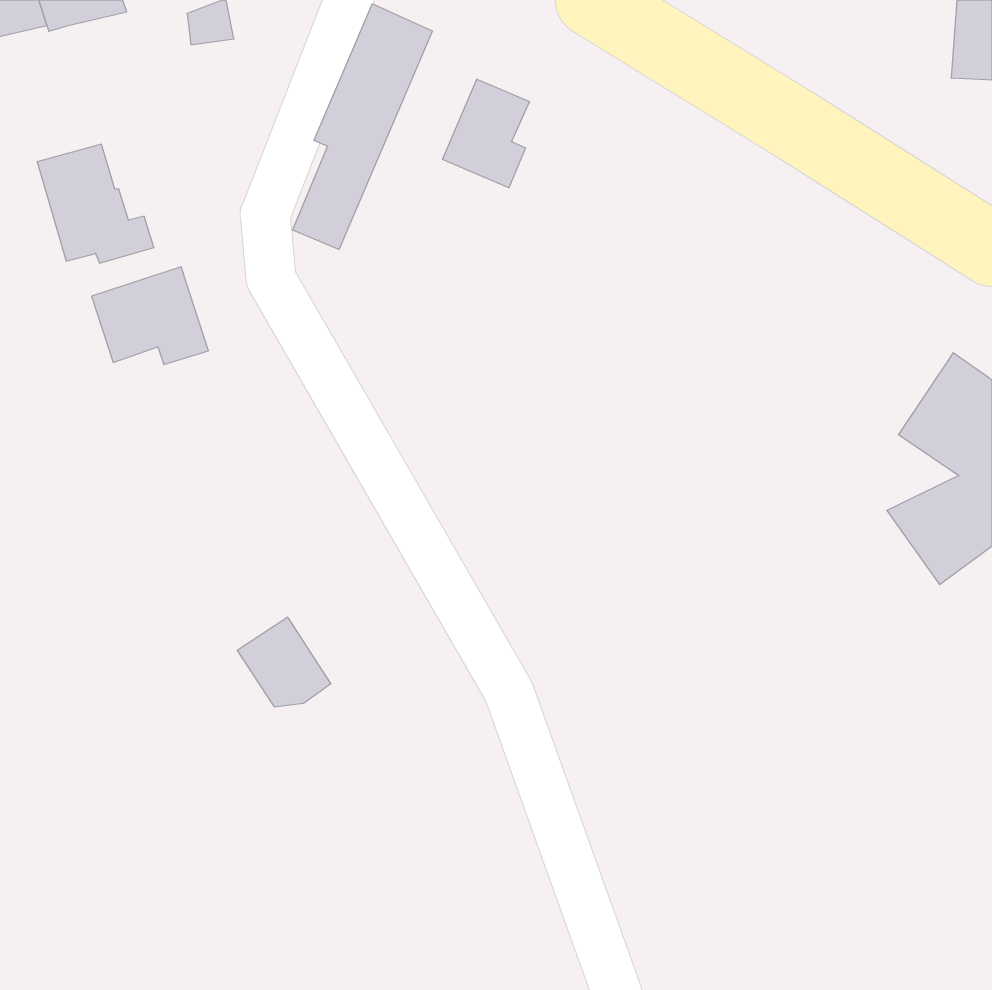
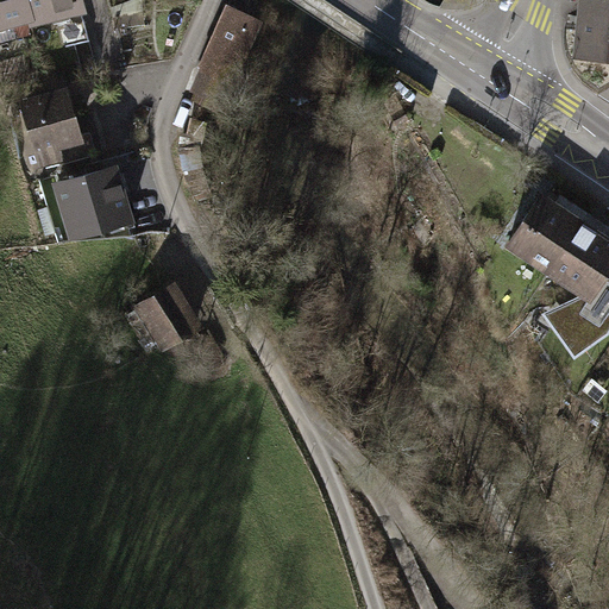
building: [442,79,530,188] -> none
building: none -> [507,192,582,269]
building: [237,617,331,707] -> [139,287,196,341]

